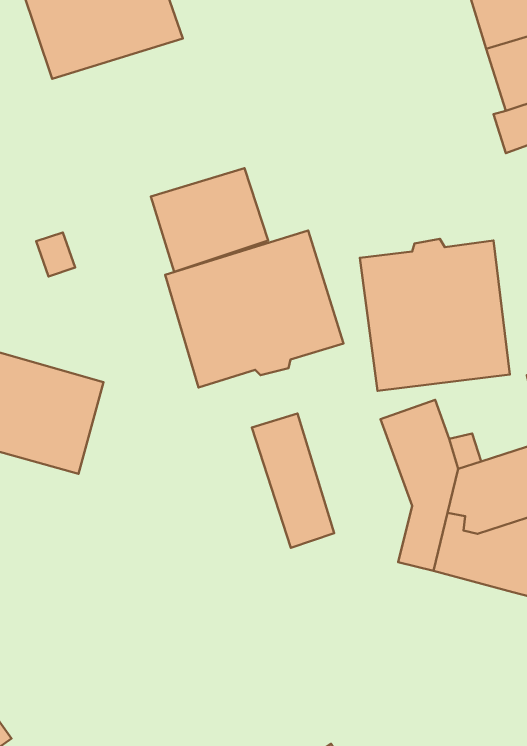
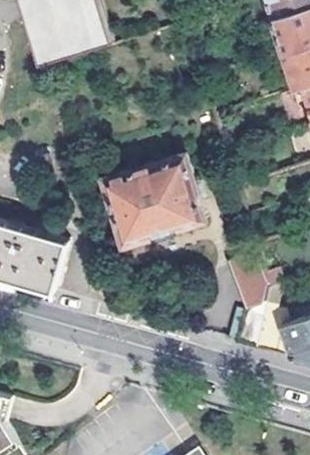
building: [151,168,268,272] -> none
building: [360,239,510,391] -> none
building: [252,413,334,548] -> none

